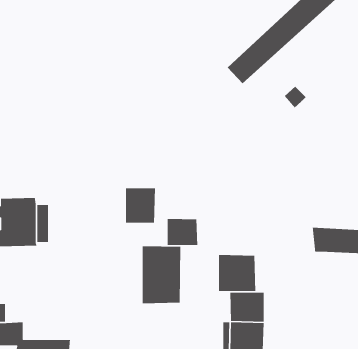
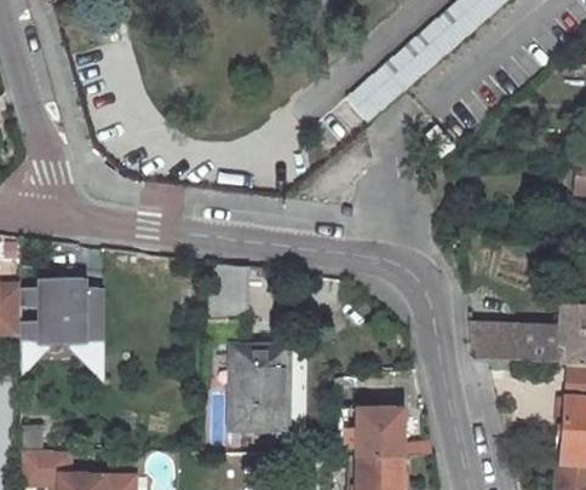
building: [167,218,198,246] -> none
building: [218,254,256,292] -> none

